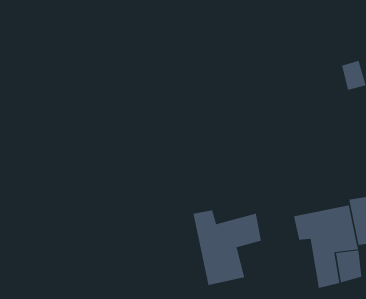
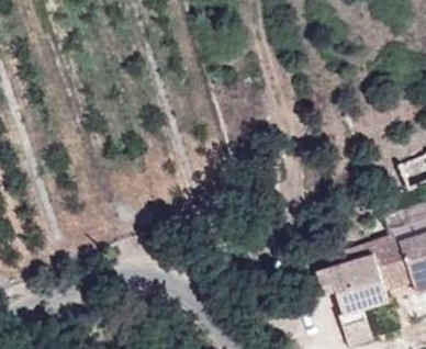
building: [193,209,262,286] -> none

